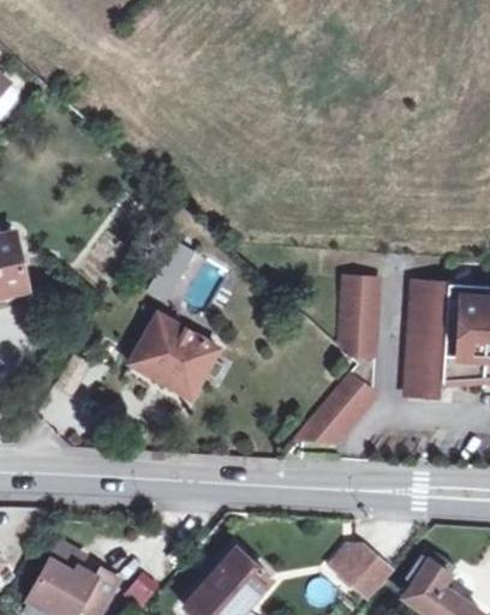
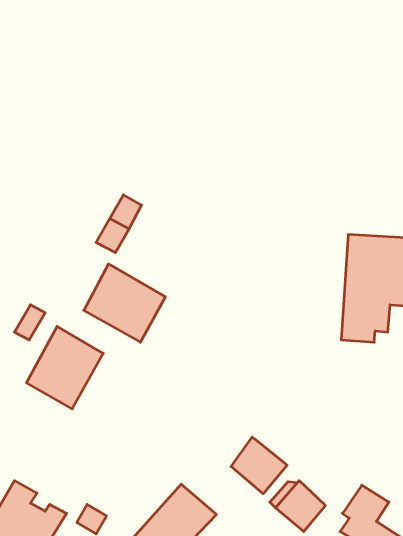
building: [291,279,378,444] -> none
building: none -> [27,326,103,409]
building: none -> [231,437,287,494]

